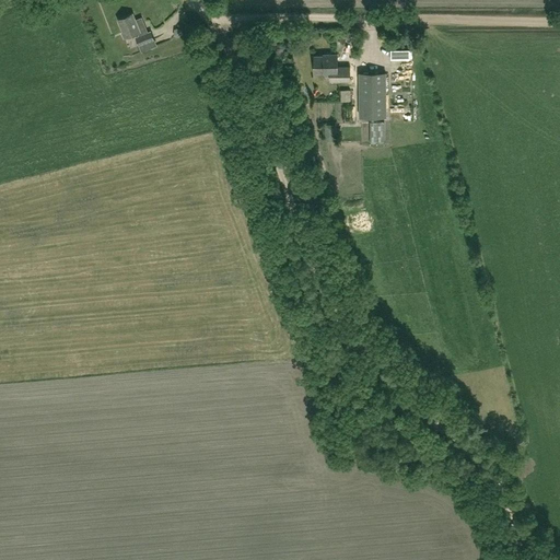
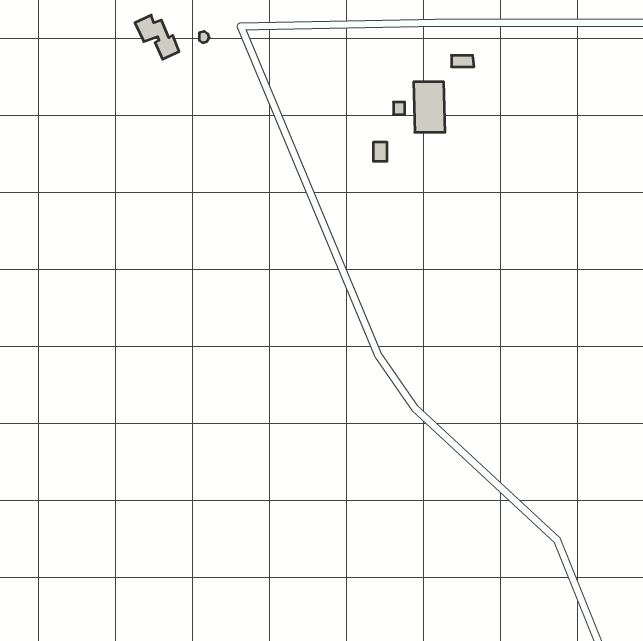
building: [313,56,349,83] -> none

